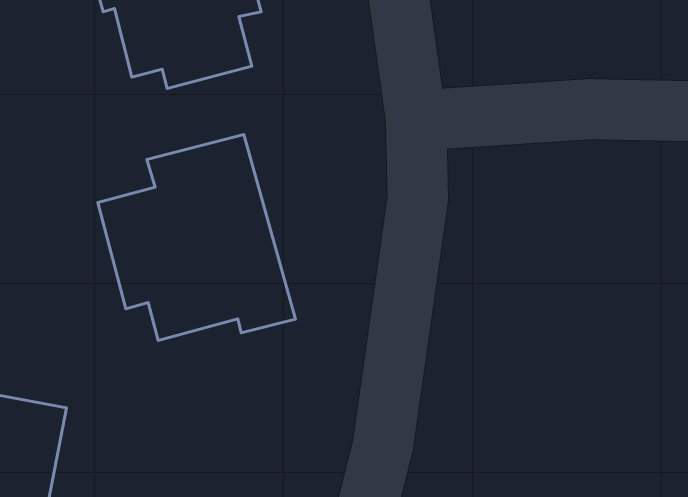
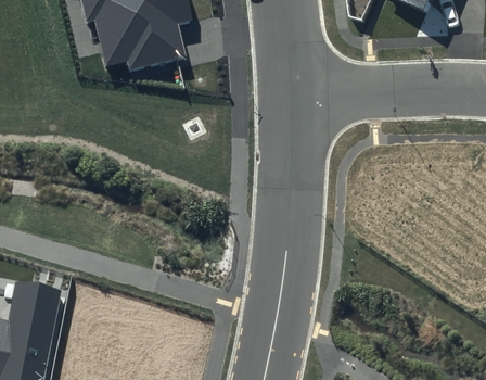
building: [98,135,295,341] -> none

